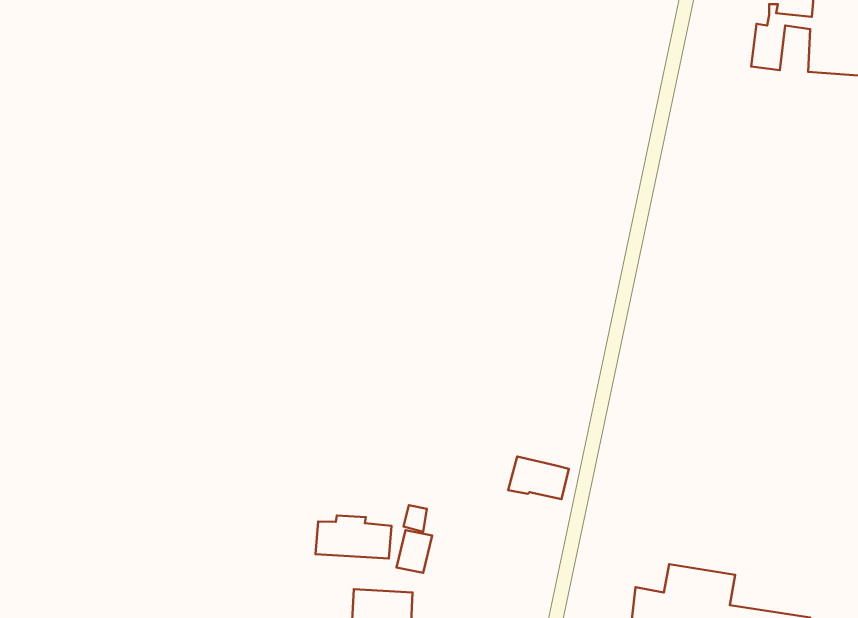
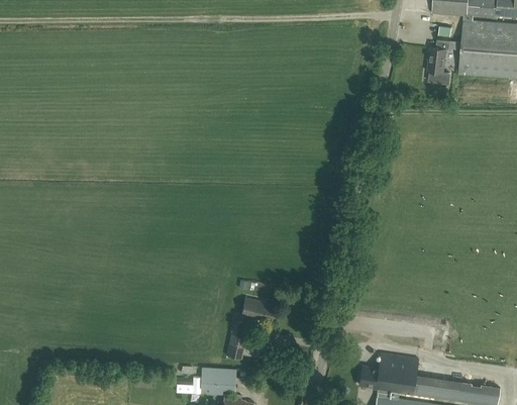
building: [508,456,569,499] -> [240,298,275,322]
building: [315,516,392,559] -> none

